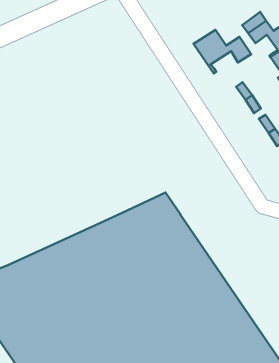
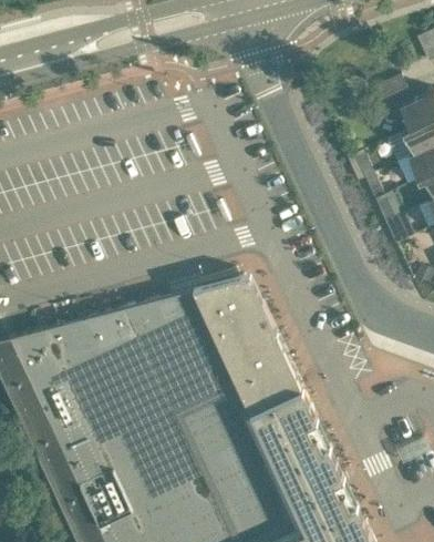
building: [194,30,251,73] -> none

